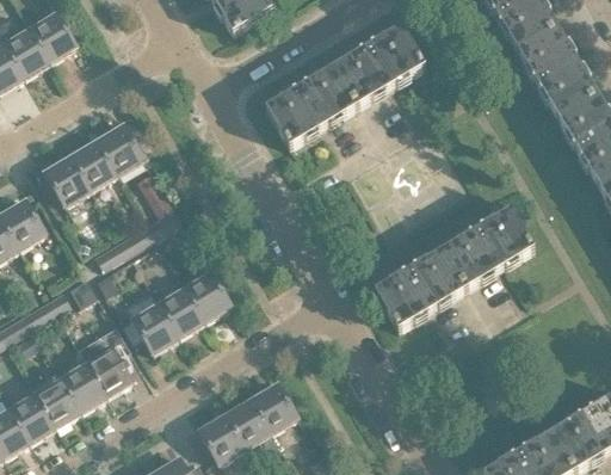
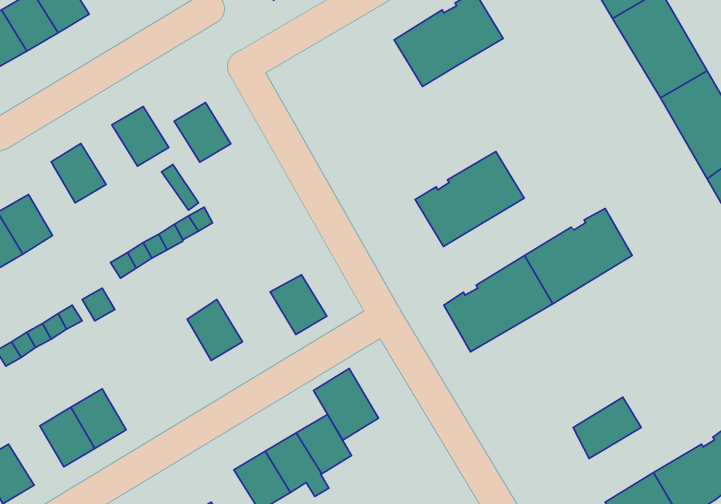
building: [265,67,357,147] -> [415,151,524,246]
building: [69,138,117,189] -> [174,103,231,162]
building: [184,271,232,321] -> [270,275,327,335]
building: [132,302,179,352] -> none
building: [79,325,134,395] -> none
building: none -> [313,368,379,440]
building: none -> [573,397,641,459]
building: [8,391,55,442] -> none

